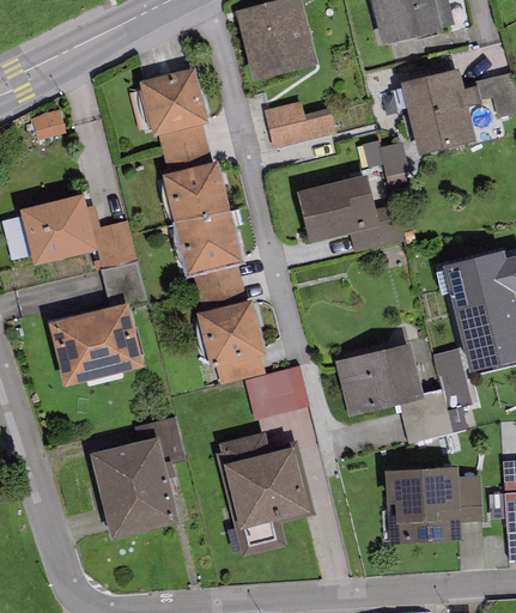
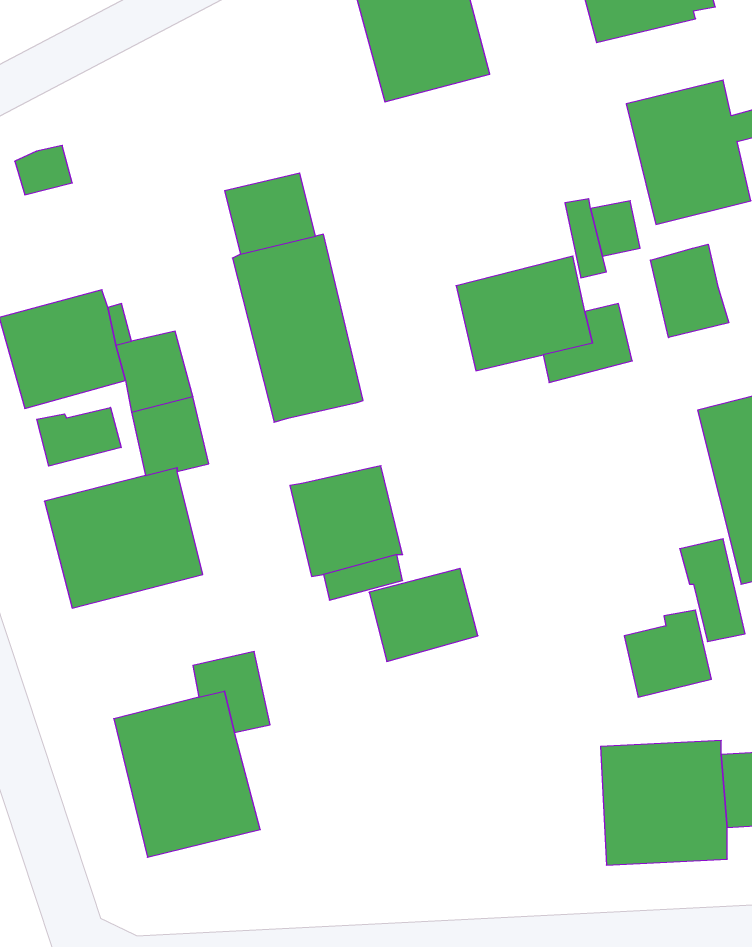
building: [139,67,208,135] -> none
building: [262,98,335,146] -> none
building: none -> [650,244,729,338]
building: [195,262,247,311] -> none
building: none -> [37,407,121,466]
building: [335,342,424,415] -> none
building: [215,431,315,554] -> none

